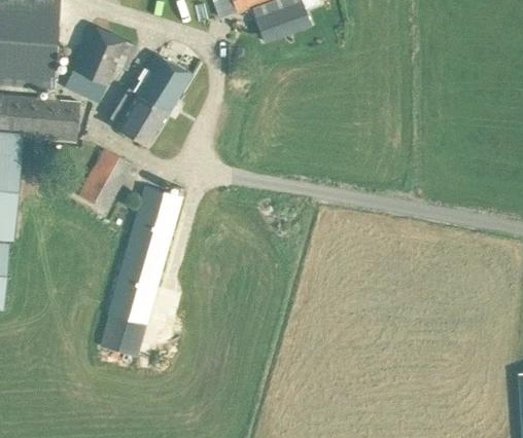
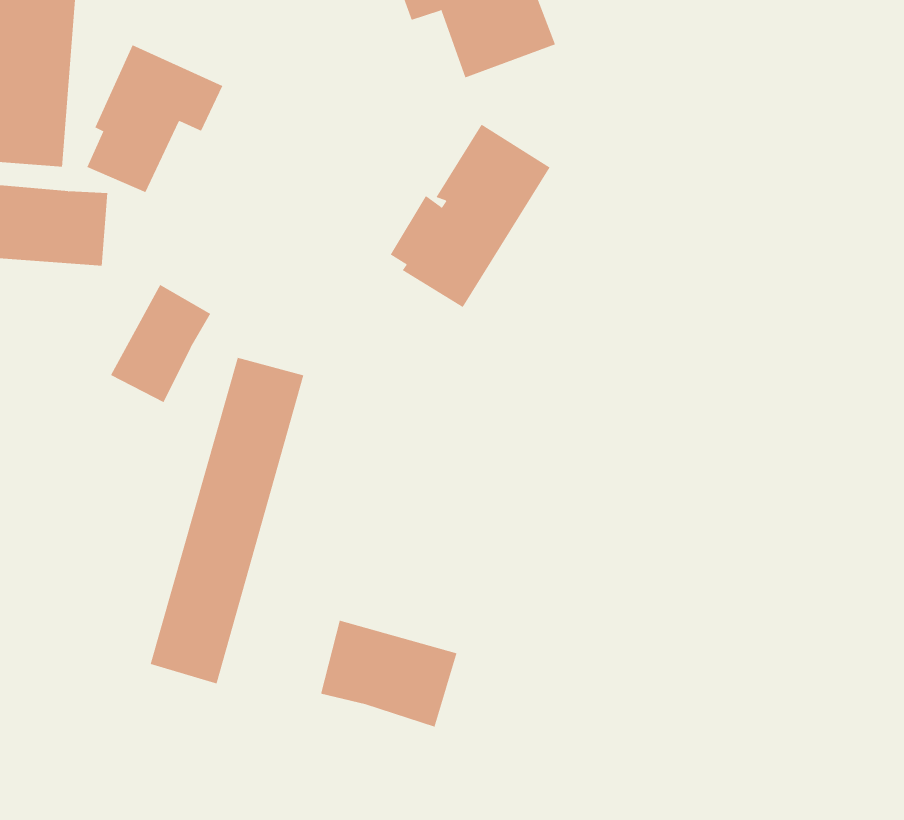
building: [109,51,193,147] -> [390,124,550,308]
building: none -> [320,620,457,727]

